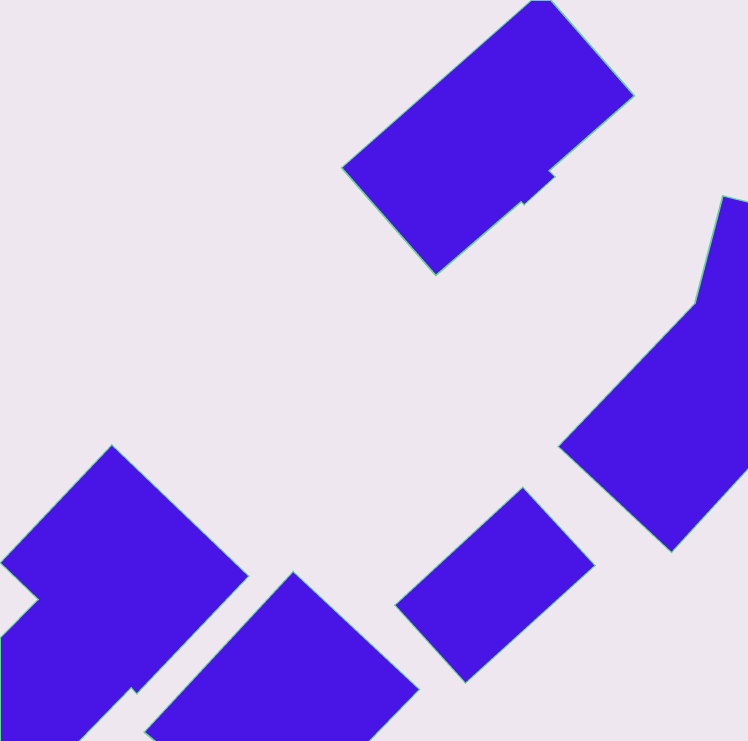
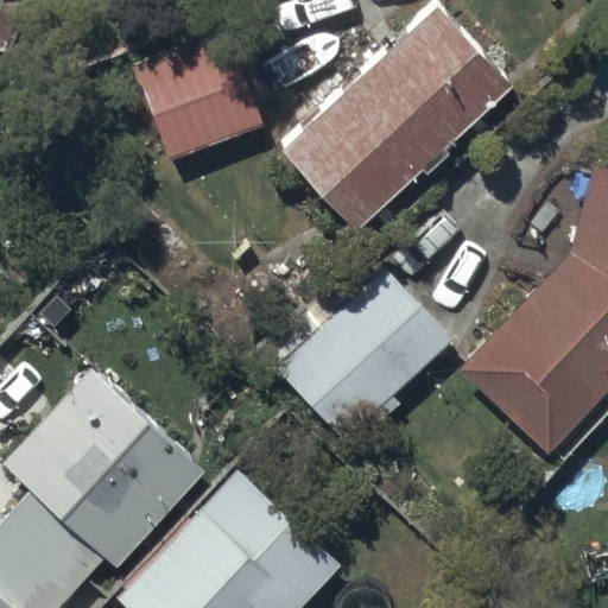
building: none -> [133,33,259,159]
building: [395,487,595,683] -> [286,279,448,437]

